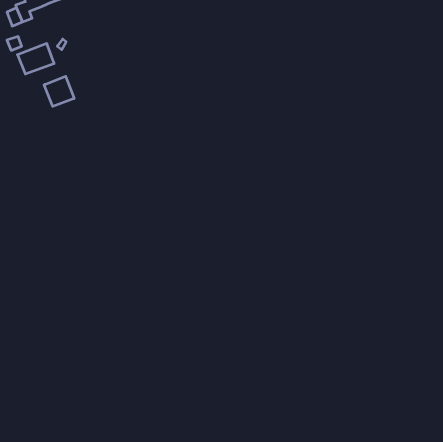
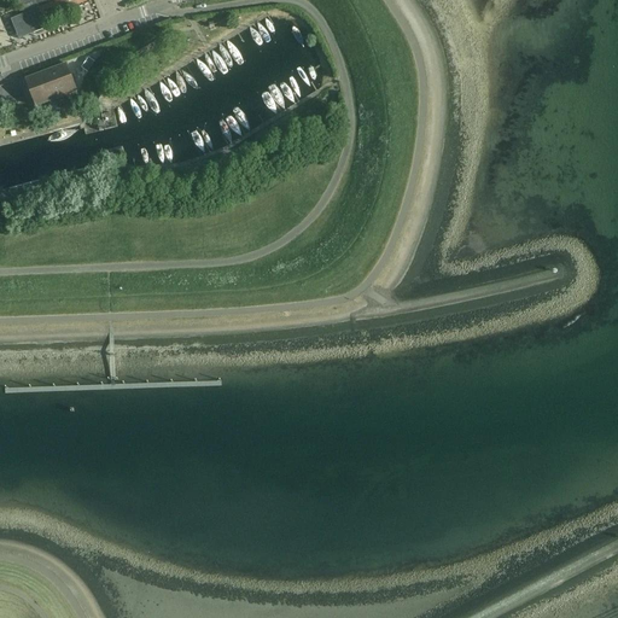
building: [44,76,74,106] -> none

